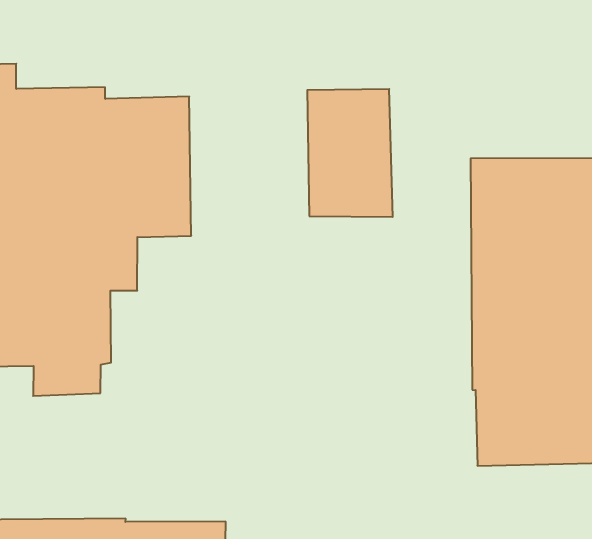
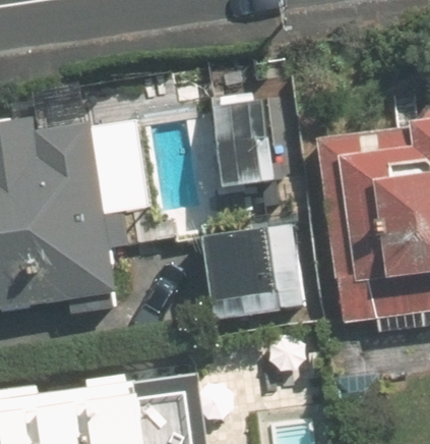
building: none -> [201,223,300,320]

